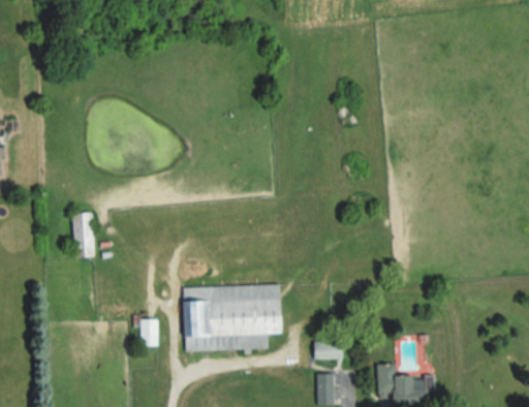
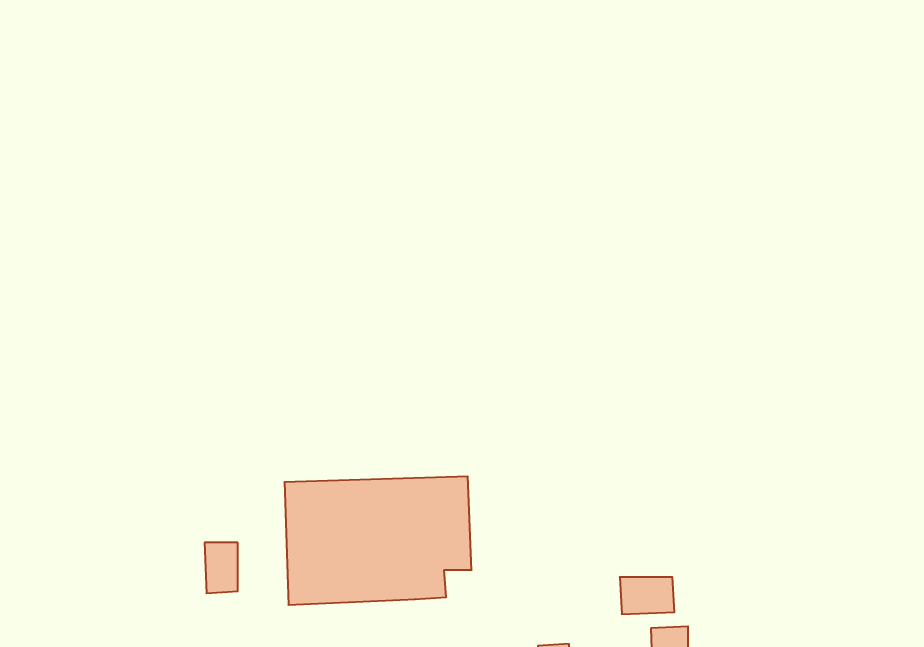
building: [73,213,94,257] -> none
building: [314,341,343,361] -> [620,577,674,614]

